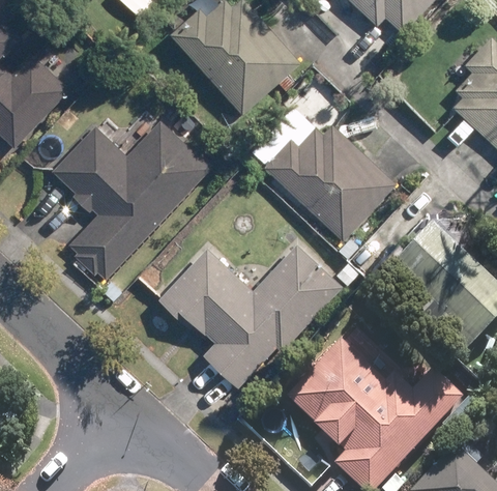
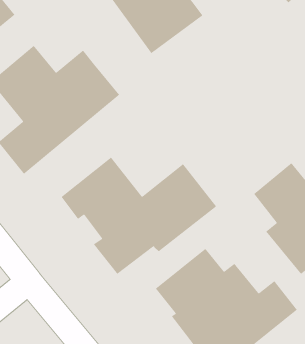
building: [262,106,394,242] -> none

